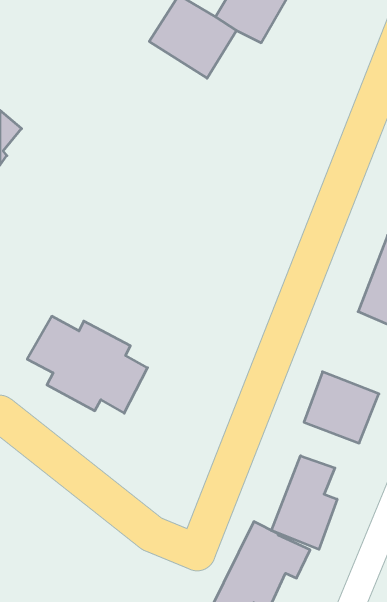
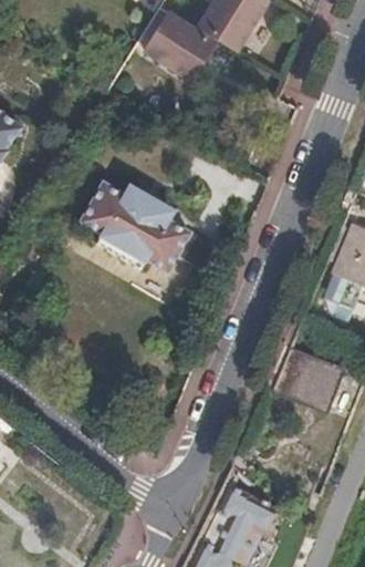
building: [27,316,148,413] -> [83,183,191,270]
building: [271,456,337,549] -> none

